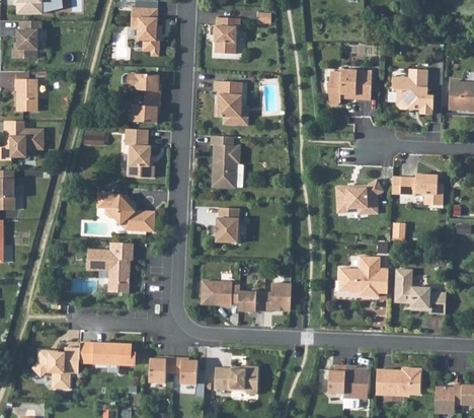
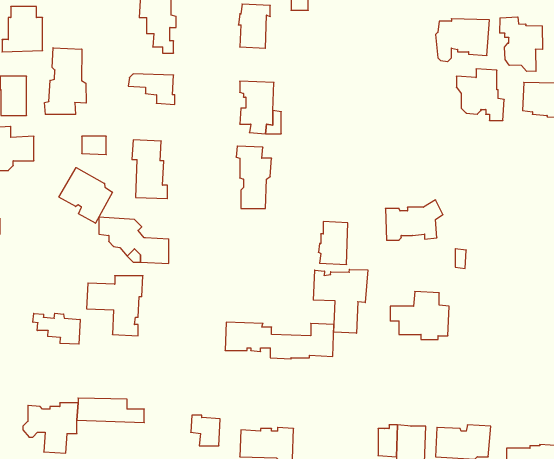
building: none -> [500,17,543,71]
building: none -> [45,48,86,114]
building: [327,71,372,107] -> [436,19,489,62]
building: [134,100,160,125] -> none
building: none -> [59,168,112,223]
building: [400,175,444,205] -> none
building: [215,208,239,243] -> [318,222,348,264]
building: none -> [313,269,368,333]
building: none -> [33,313,80,344]
building: [395,283,447,315] -> none
building: [149,358,174,384] -> none

